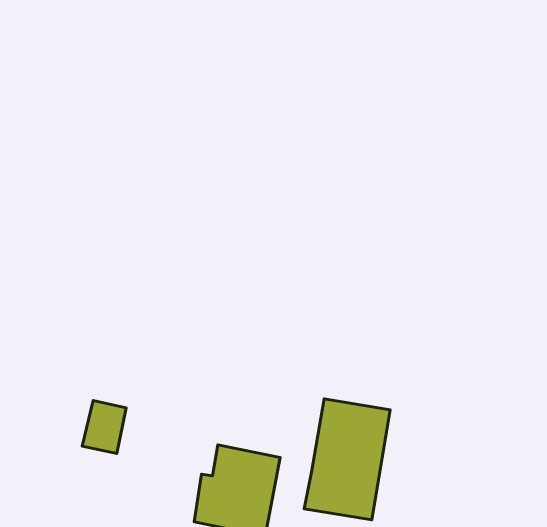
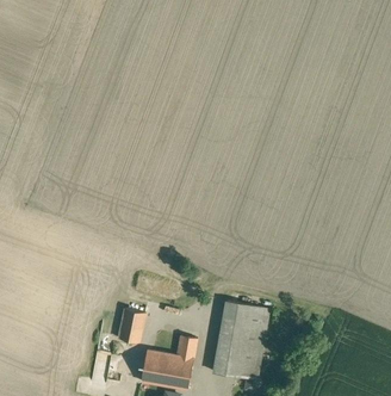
building: [82,401,126,454] -> [116,308,144,342]

